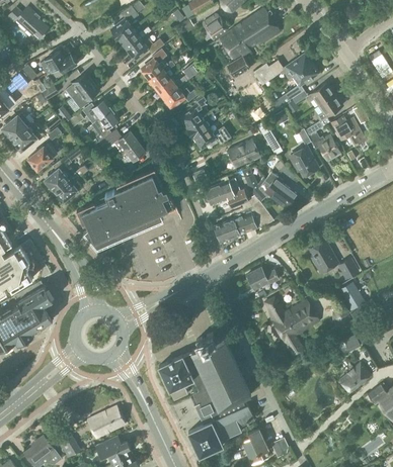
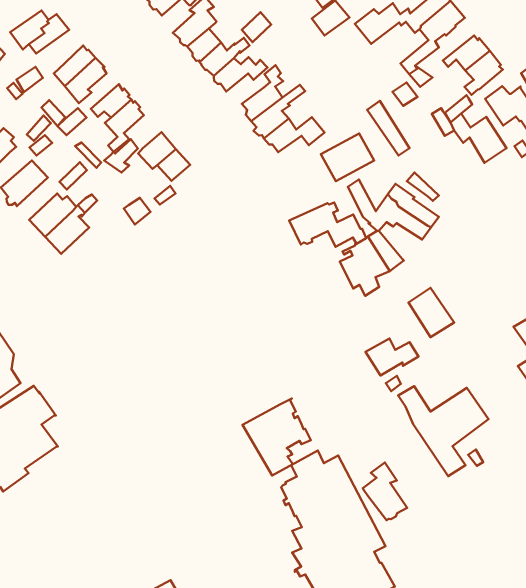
building: [292,147,318,176] -> none
building: [76,168,175,244] -> none
building: [214,217,241,243] -> none
building: [311,241,338,271] -> [409,288,454,337]
building: none -> [363,463,407,520]
building: [158,353,200,399] -> [242,399,311,476]

